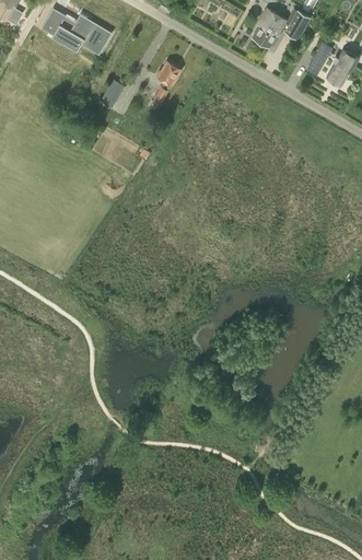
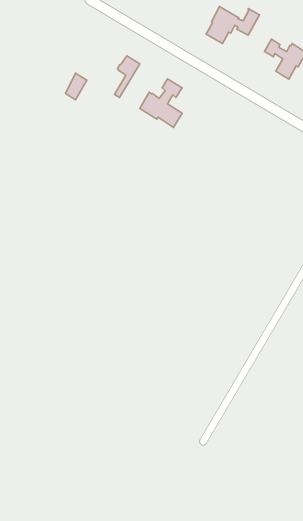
building: [42,14,105,44] -> none
building: none -> [140,79,182,128]

